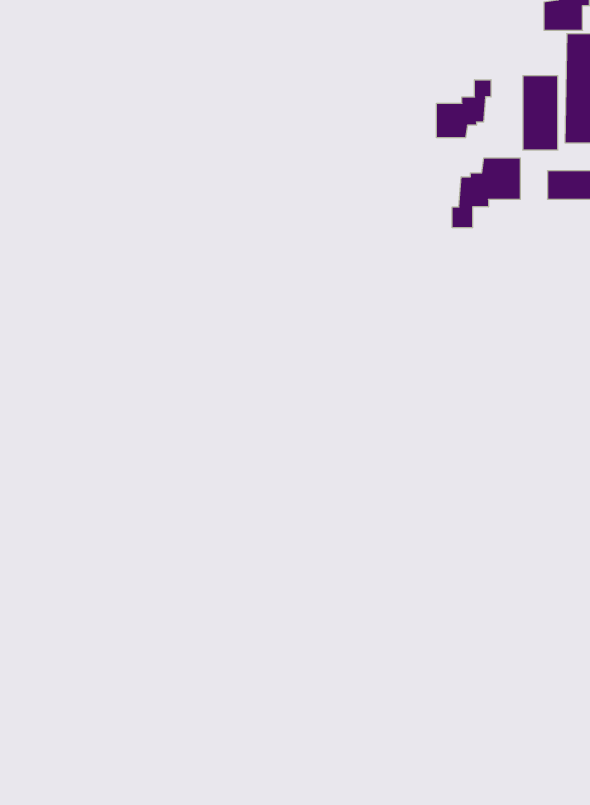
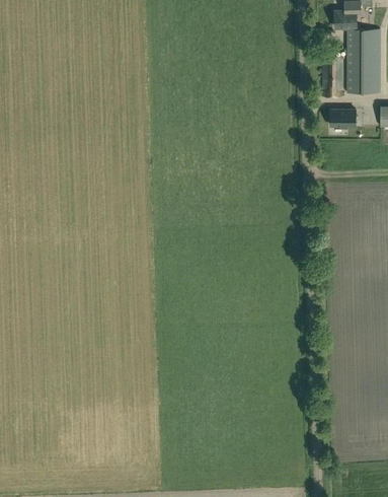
building: [437,80,491,138] -> none
building: [452,158,520,228] -> none

